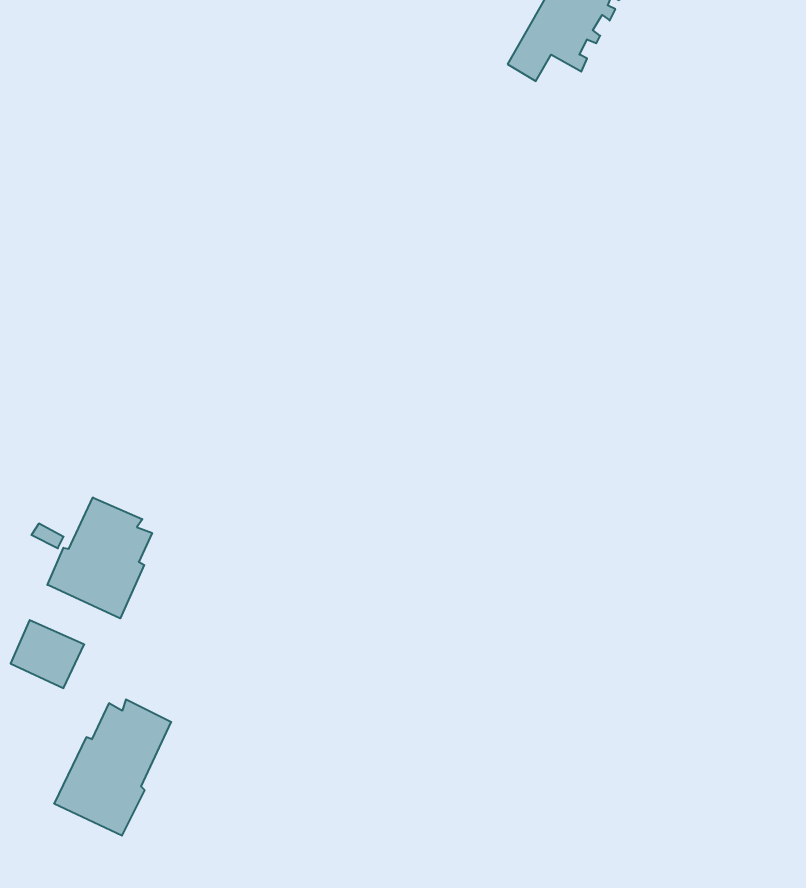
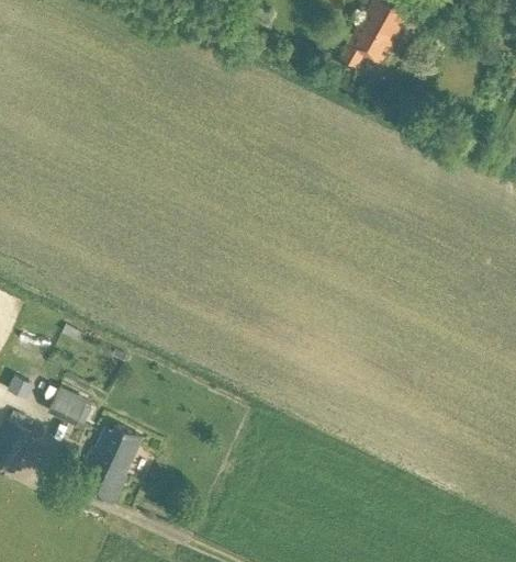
building: [47,497,152,618] -> none

